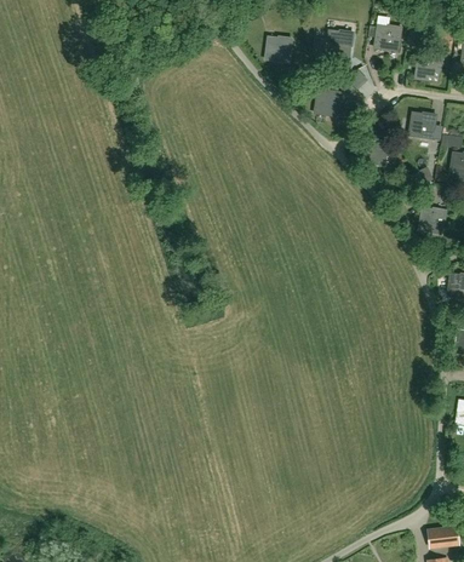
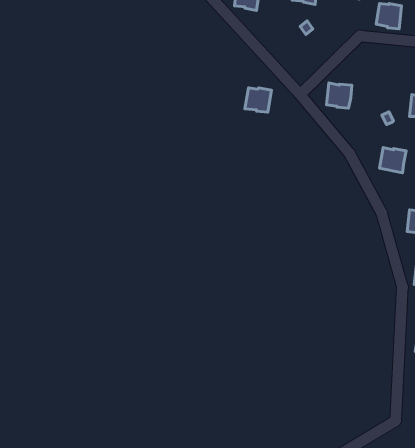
building: [314,91,342,116] -> [245,88,271,112]
building: [409,113,436,138] -> none

